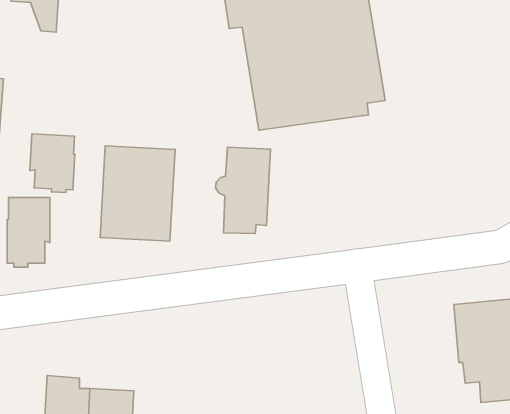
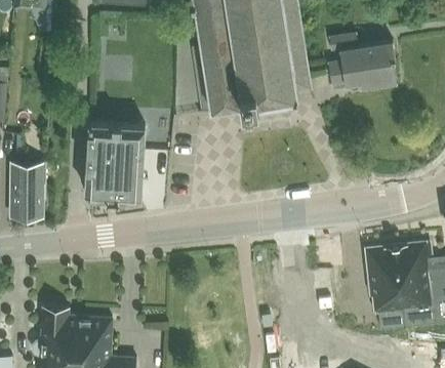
building: none -> [330,35,398,89]
building: [30,134,75,193] -> none
building: [215,147,271,234] -> none

